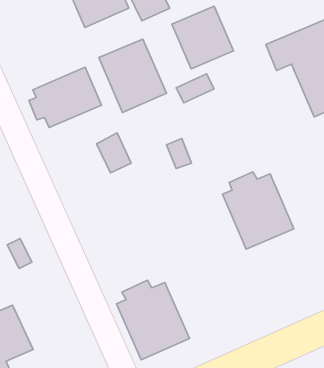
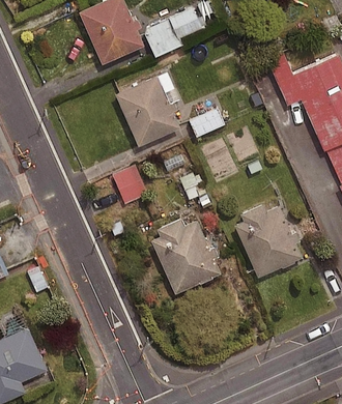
building: [172,6,234,69] -> none
building: [29,67,101,128] -> none
building: [116,280,190,360] -> [150,218,221,294]

